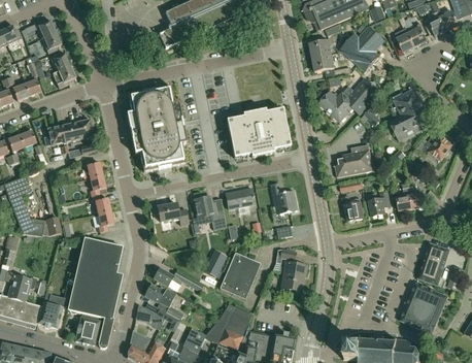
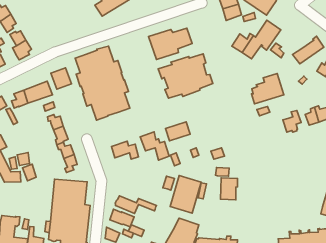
building: none -> [149,28,192,60]
building: [394,90,423,117] -> none
building: none -> [51,68,71,89]
building: [270,182,298,213] -> none
building: [341,195,364,222] -> none

